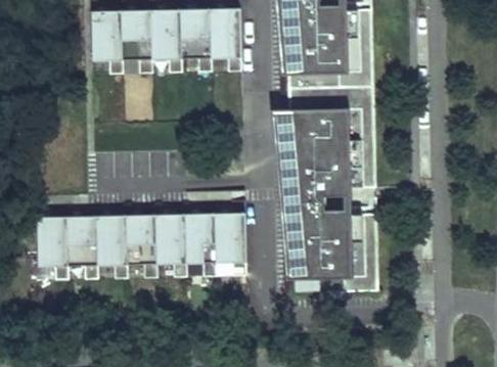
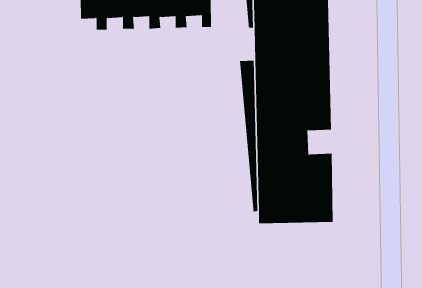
building: [37,212,245,279] -> none

